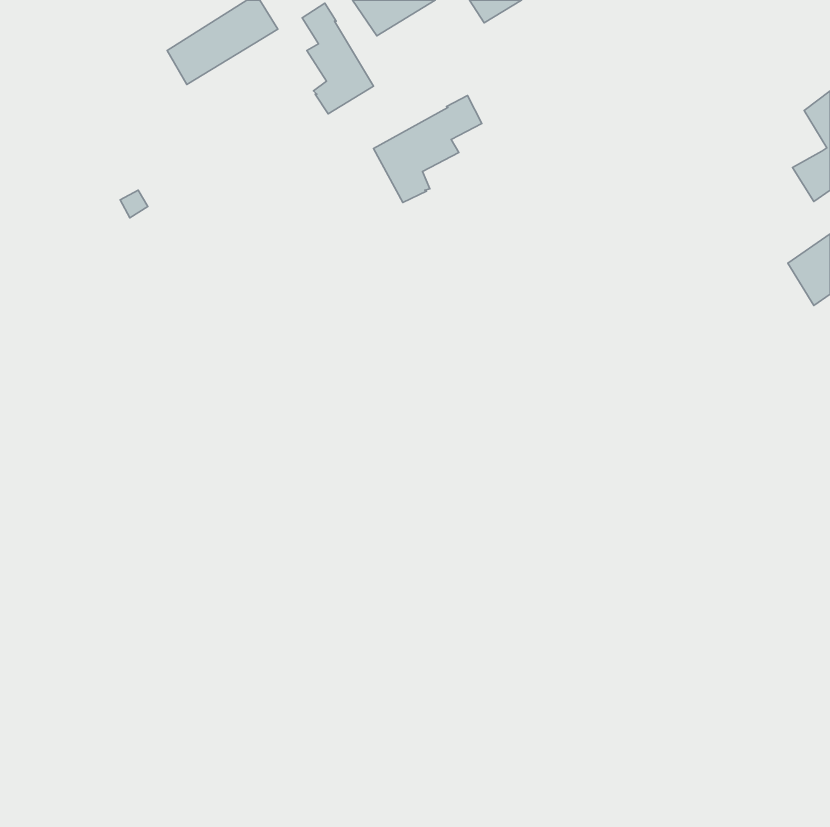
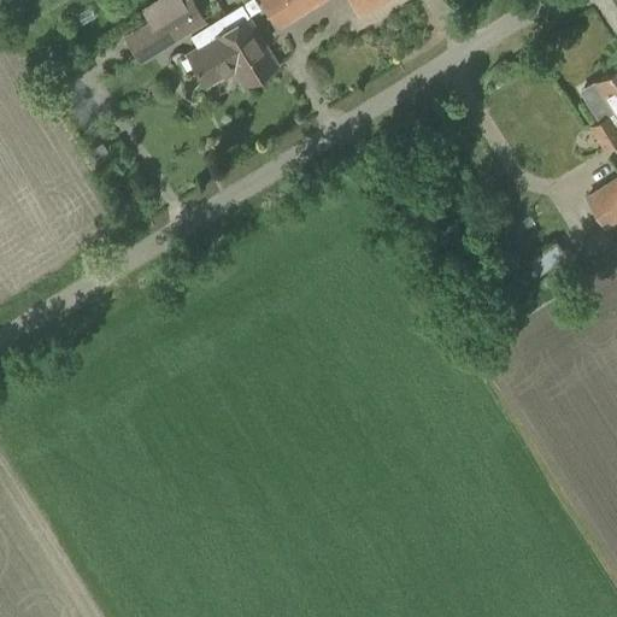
building: none -> [188,16,242,88]
building: [373,96,482,203] -> none

